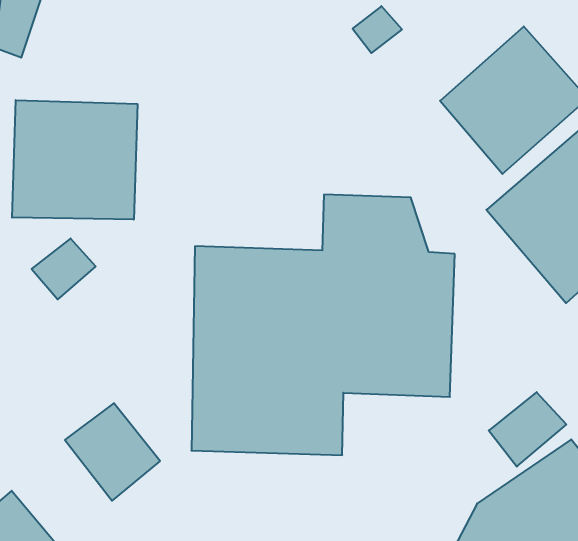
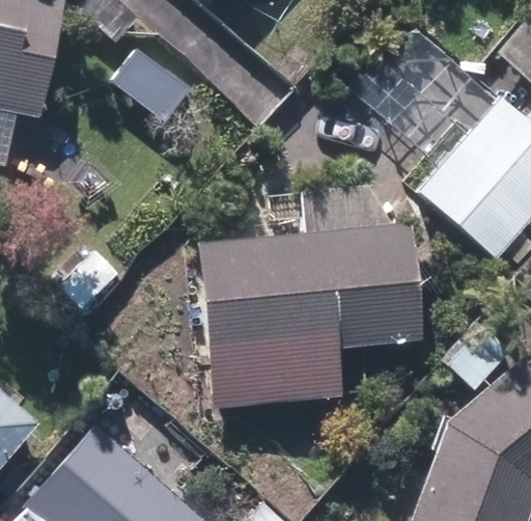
building: [12,100,137,220] -> none

